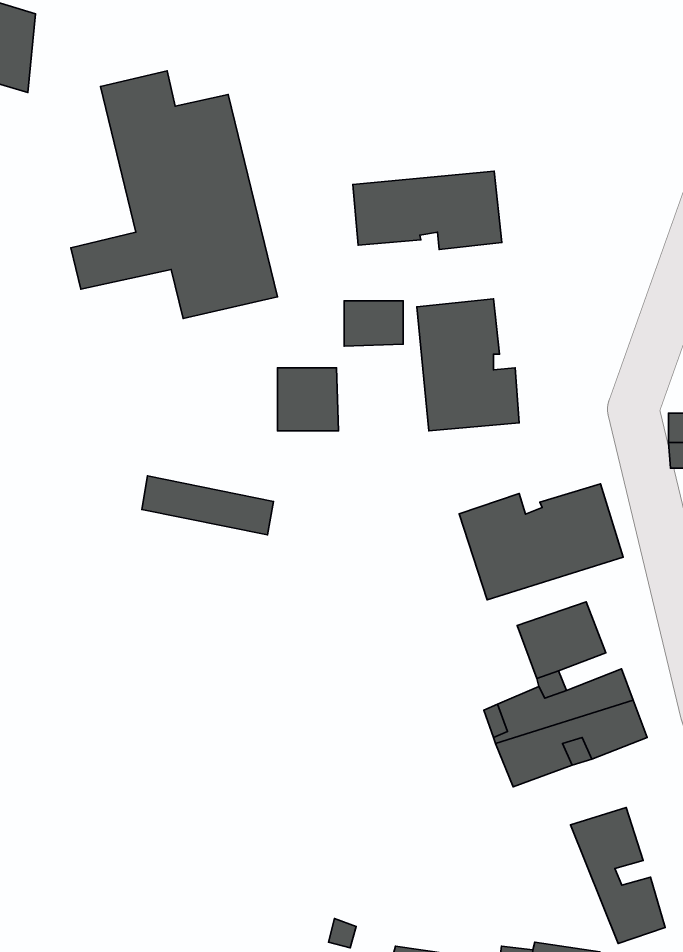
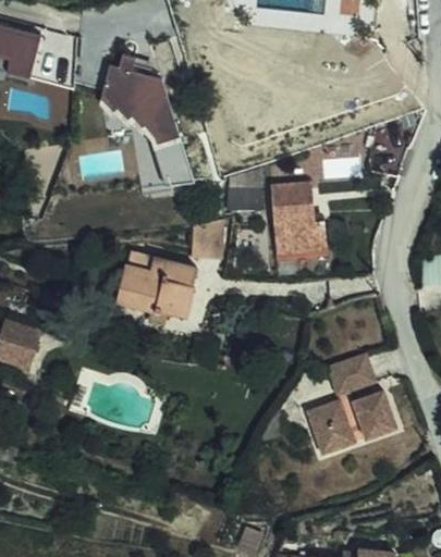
building: [353,171,502,249] -> none
building: none -> [121,260,197,300]
building: [459,484,623,600] -> none
building: [570,808,665,943] -> none

